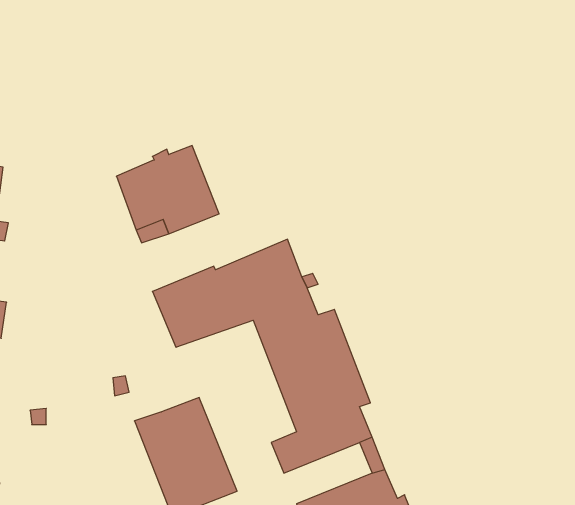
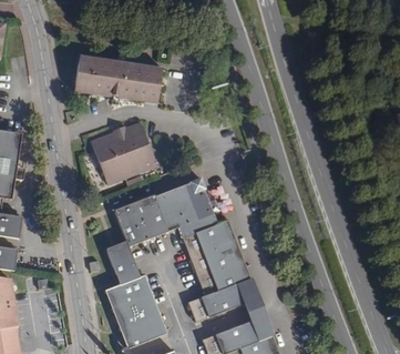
building: none -> [74,53,161,99]
building: none -> [102,243,136,280]

